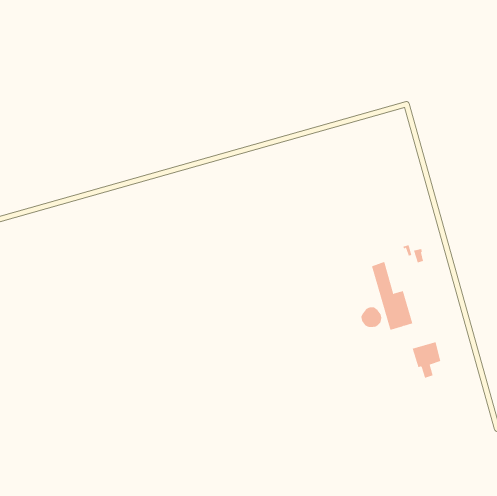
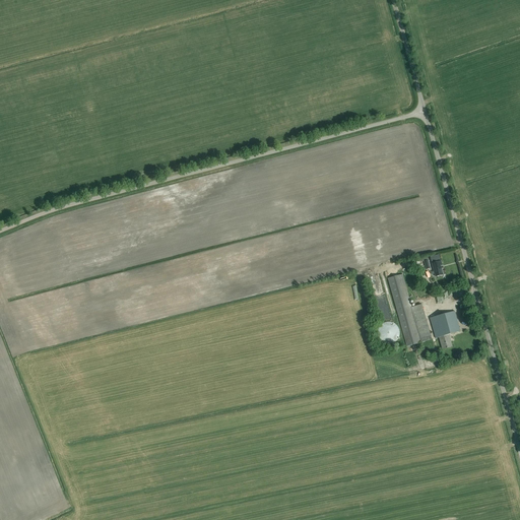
building: [412,342,441,379] -> [429,309,459,347]

